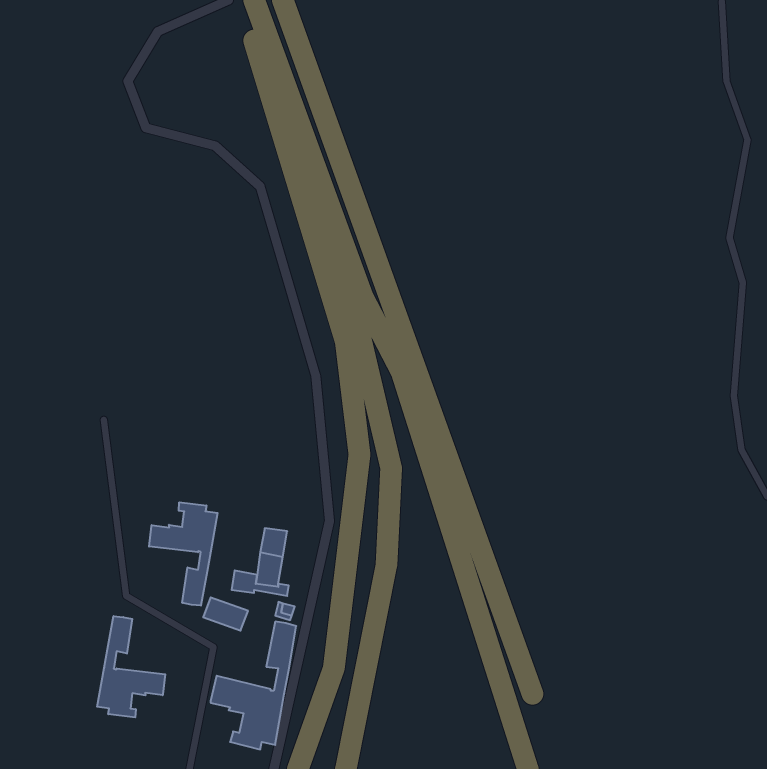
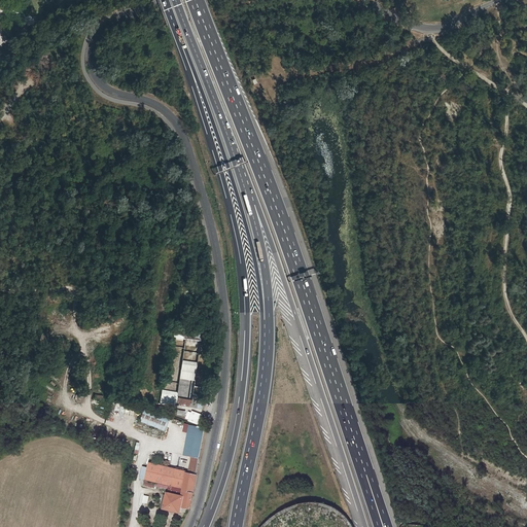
building: [149,502,218,606] -> none
building: [97,616,165,717] -> none

